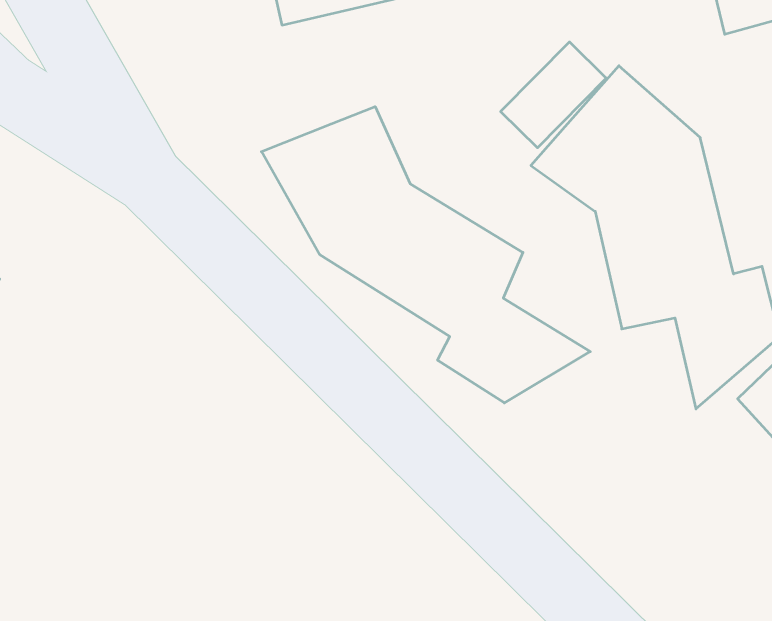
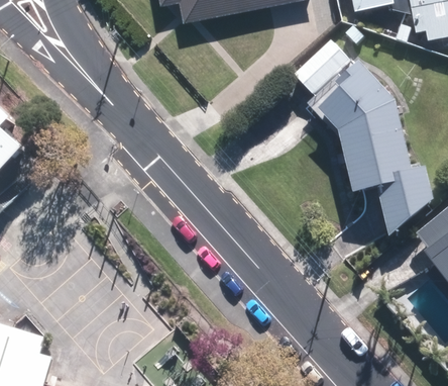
building: [261,107,590,403] -> none

